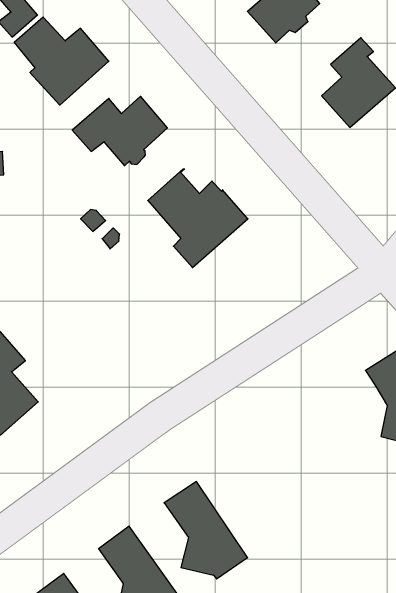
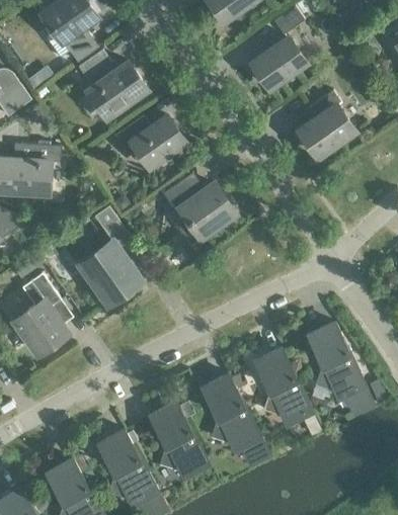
building: none -> [79,206,140,304]
building: none -> [256,349,311,422]
building: none -> [204,375,266,460]

